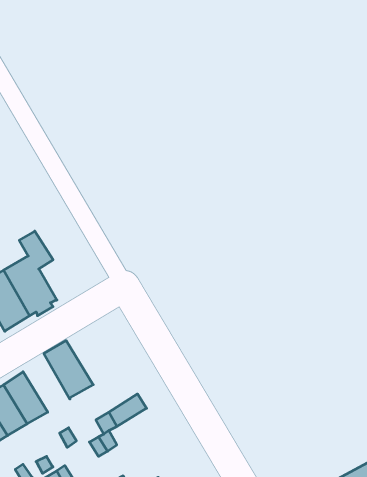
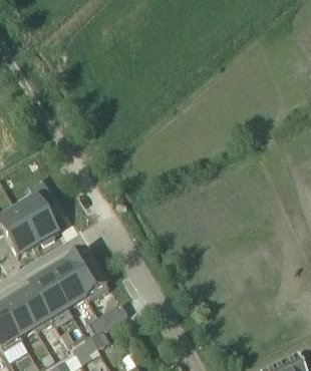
building: none -> [64,251,106,298]
building: none -> [29,274,67,319]

